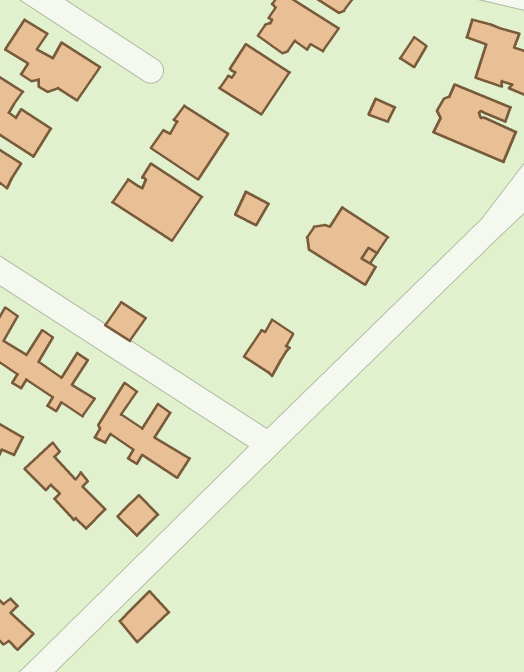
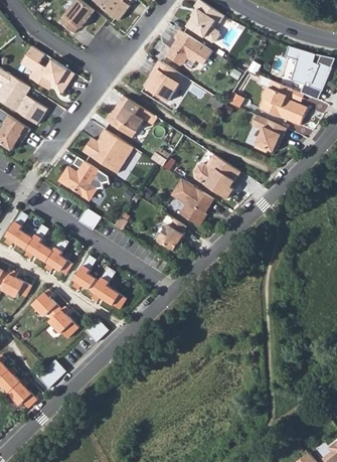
building: none -> [250,115,286,153]
building: none -> [58,161,98,199]
building: none -> [171,178,212,225]
building: [120,591,169,642] -> [37,359,65,389]

